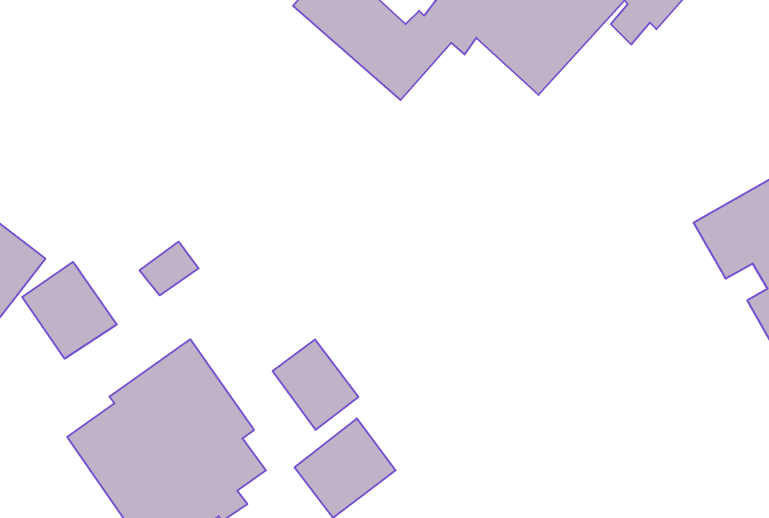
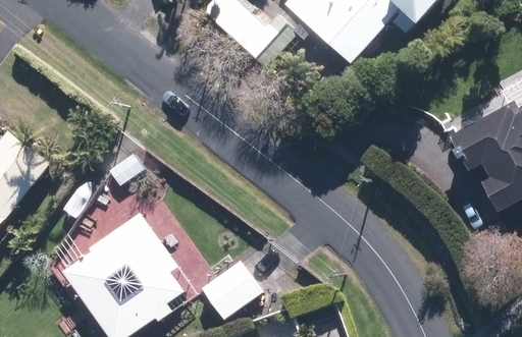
building: [22,262,117,359] -> none
building: [273,339,358,430] -> none

